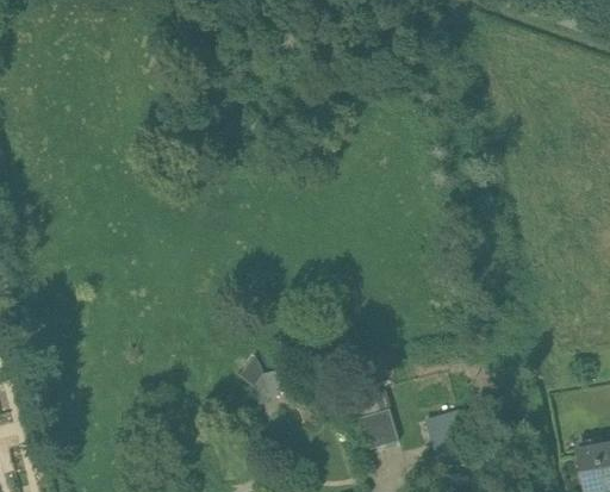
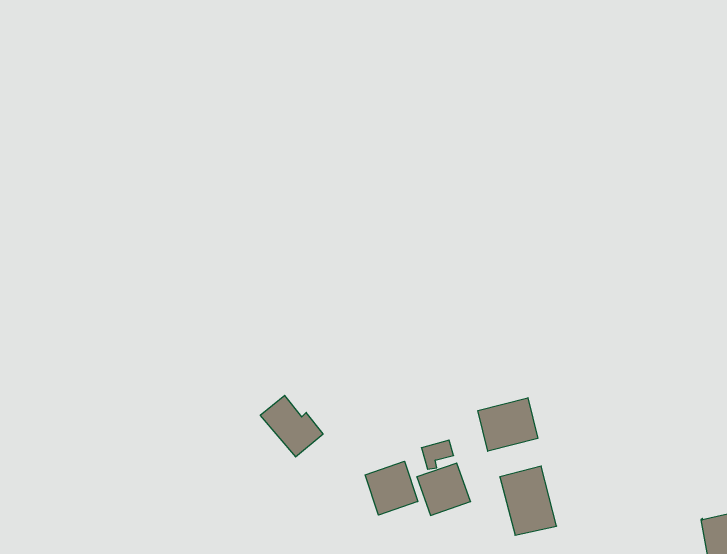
building: none -> [478,398,538,451]
building: none -> [365,461,418,515]

